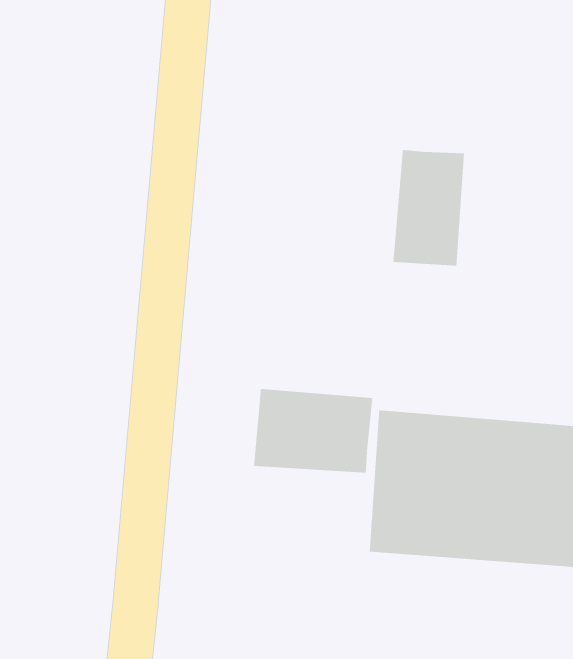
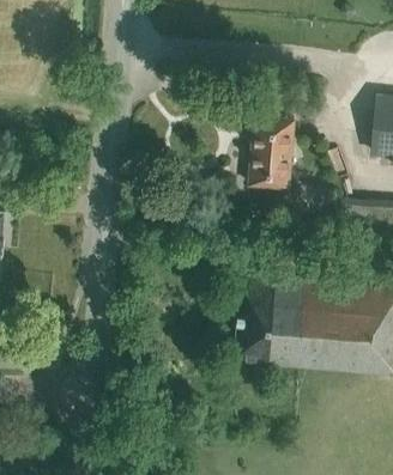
building: [253,388,373,473] -> none

